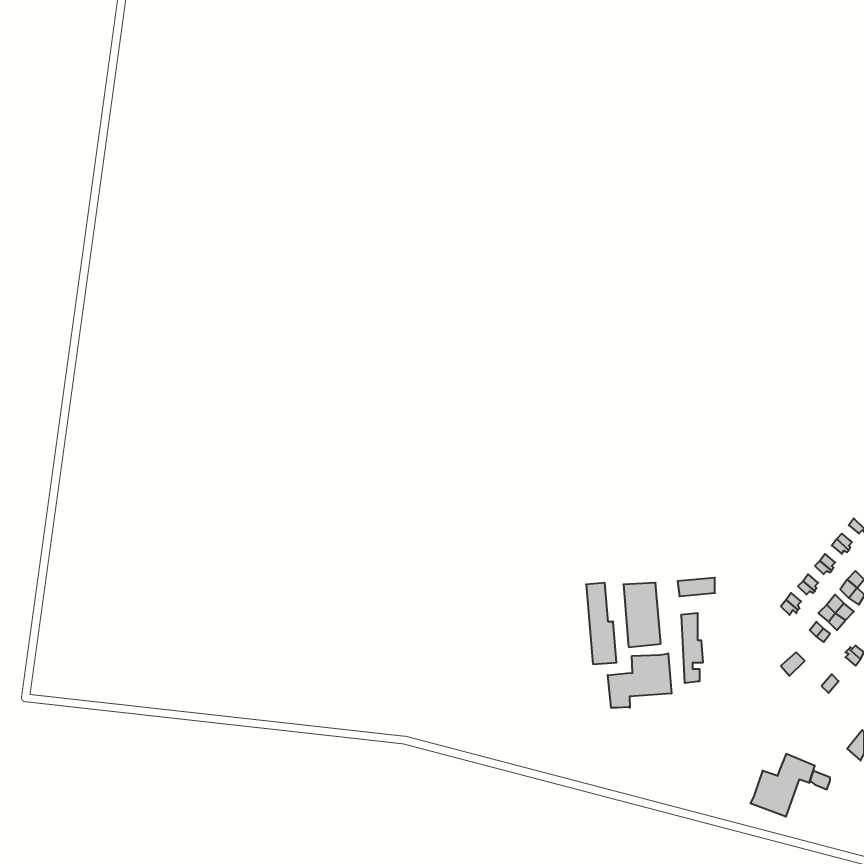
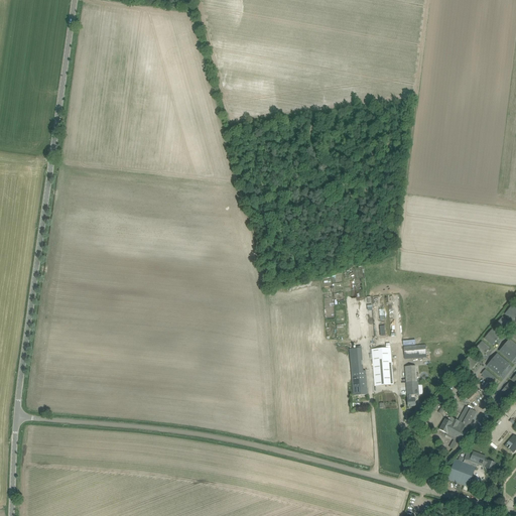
building: [608,653,671,708] -> none
building: none -> [438,407,475,439]

